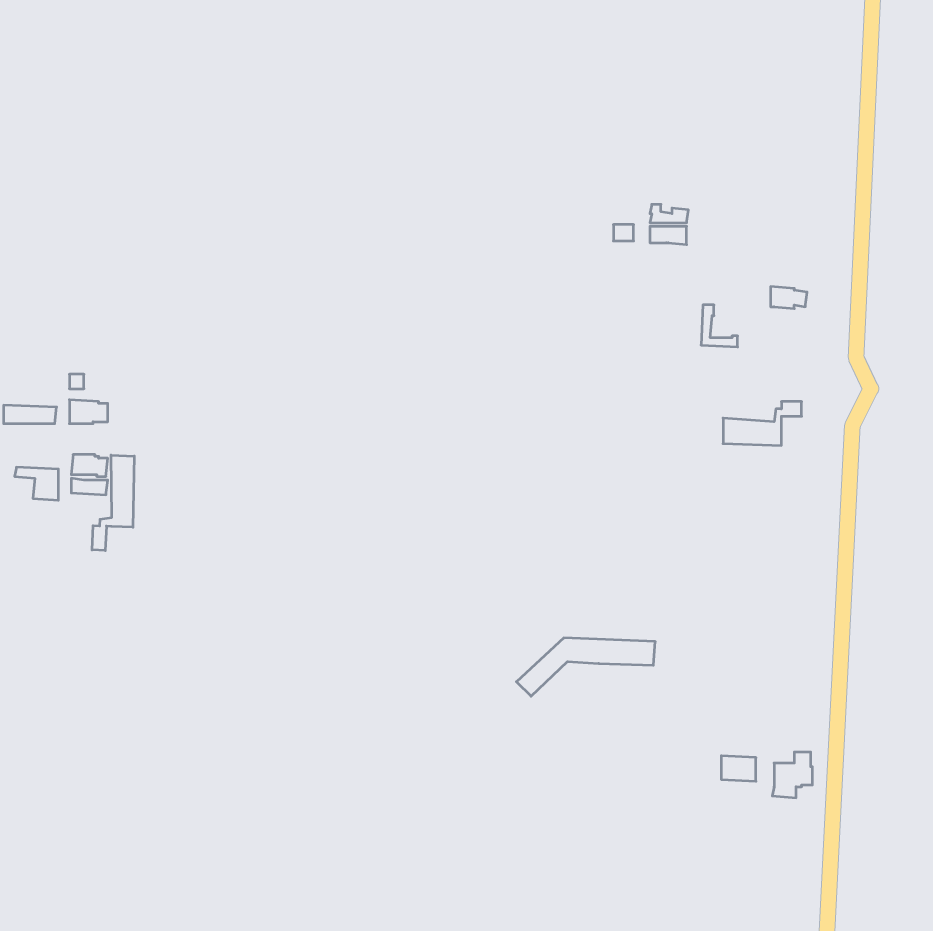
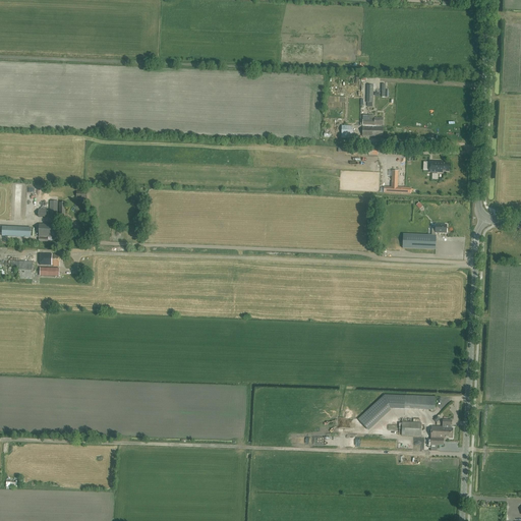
building: [92,455,134,551] -> none
building: [516,638,655,696] -> [358,394,436,426]

